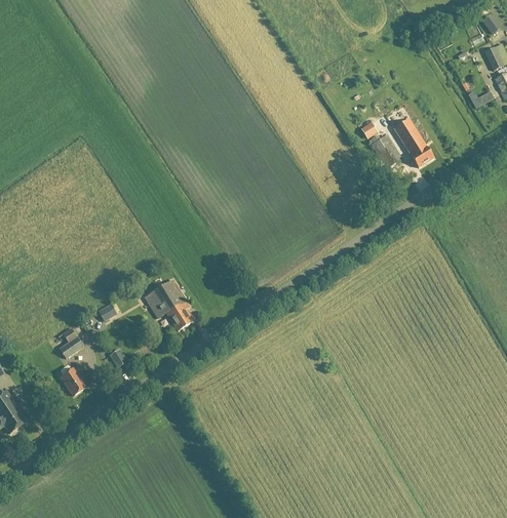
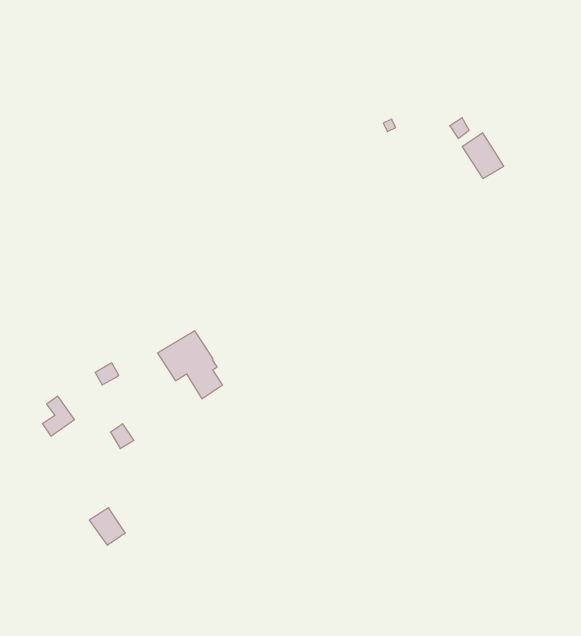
building: [395,120,433,166] -> none
building: [60,367,86,395] -> [89,508,125,545]

